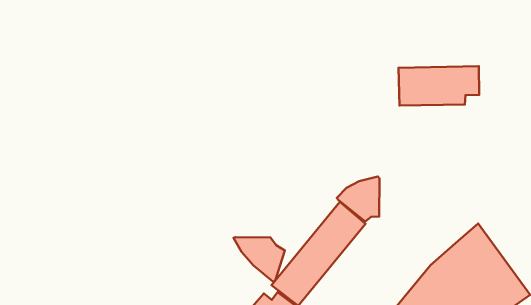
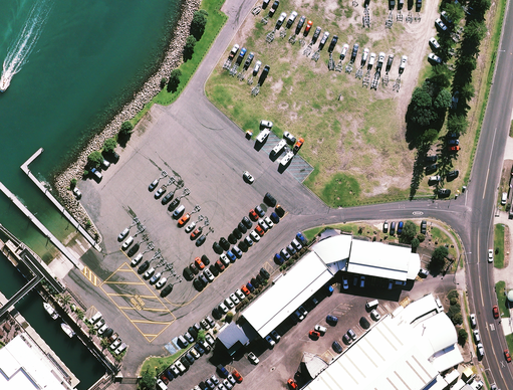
building: [398,66,479,106] -> [345,239,421,281]
building: [233,237,285,281] -> none

